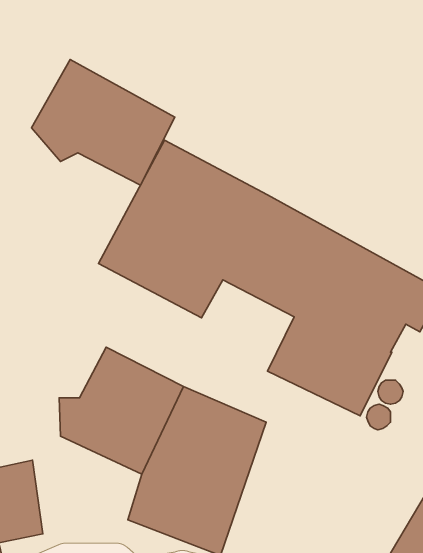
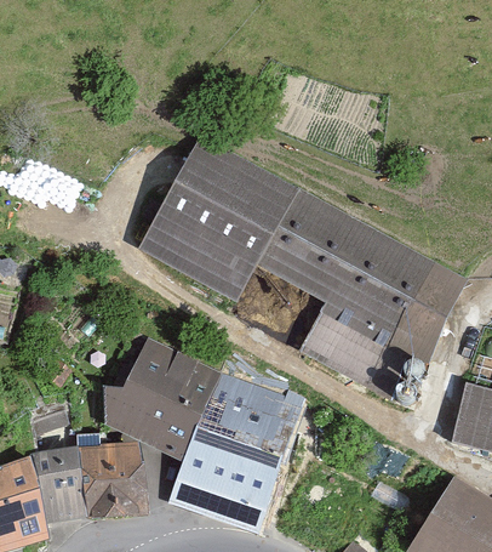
building: [32,59,175,185] -> none
building: none -> [75,439,145,514]

